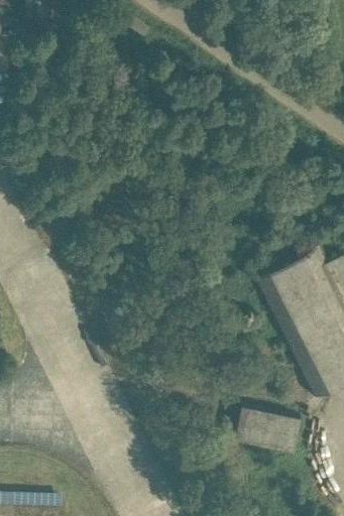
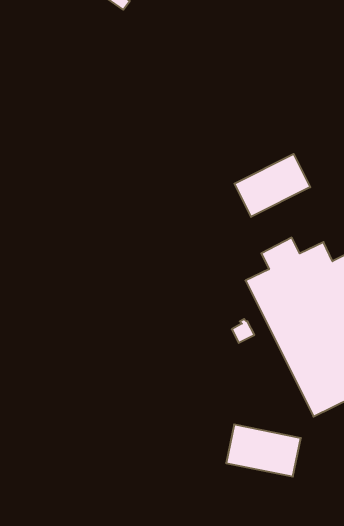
building: none -> [234,154,310,217]

